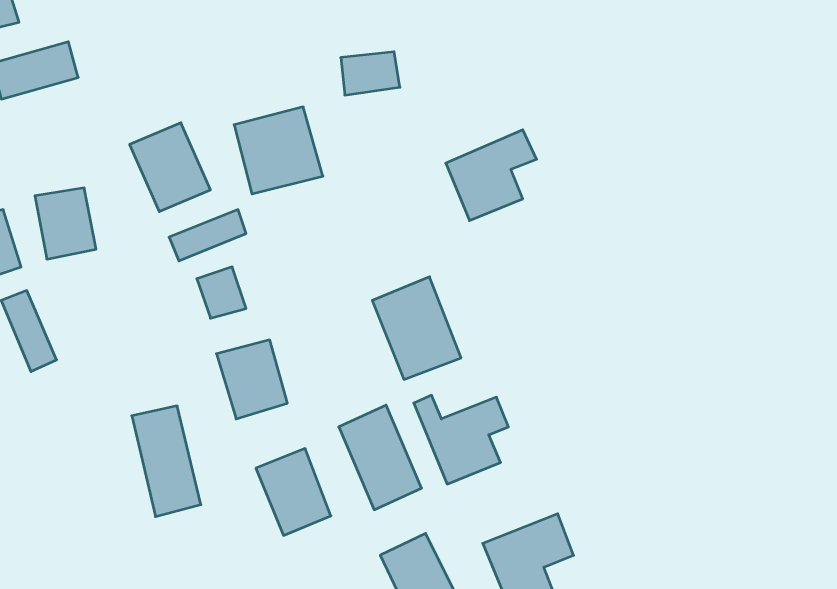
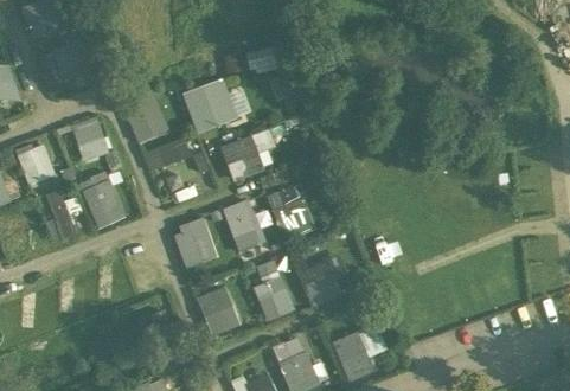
building: [446,130,537,221] -> [220,128,275,182]
building: none -> [79,171,124,227]
building: [132,406,201,517] -> [225,199,267,265]

